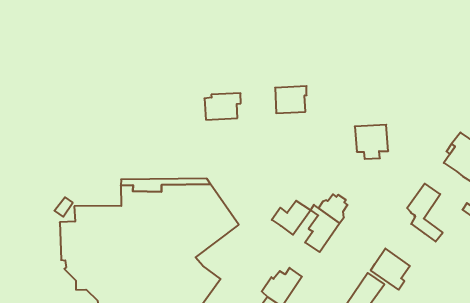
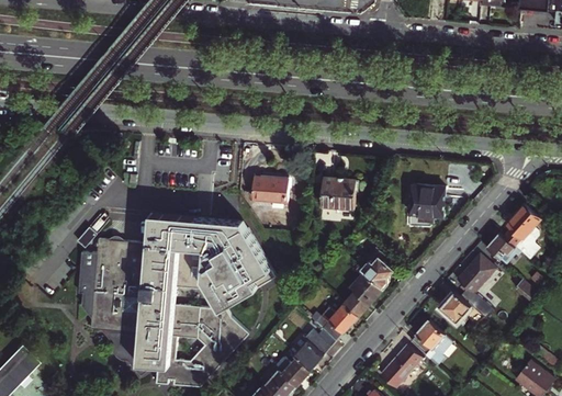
building: [275,86,307,113] -> [321,180,357,210]
building: [204,93,241,120] -> [252,176,293,204]
building: none -> [485,234,520,264]
building: [272,201,310,235] -> [314,305,357,341]
building: none -> [439,293,472,325]

